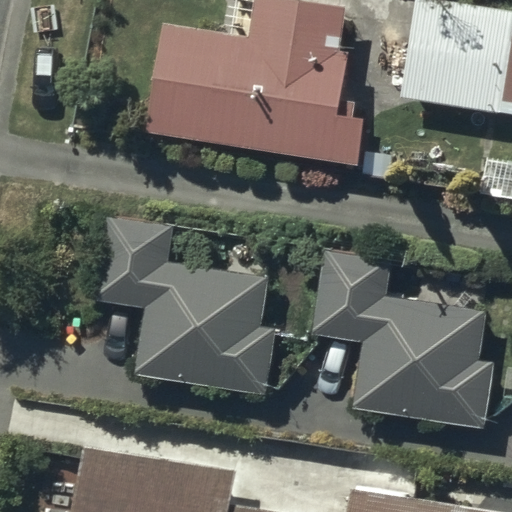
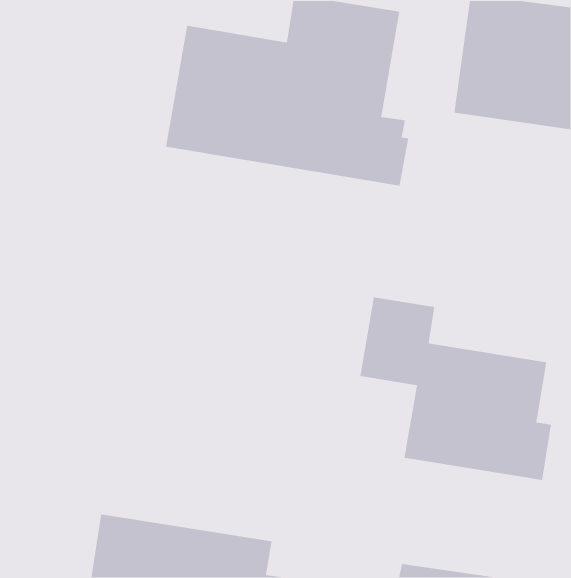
building: [97,225,270,391] -> none

